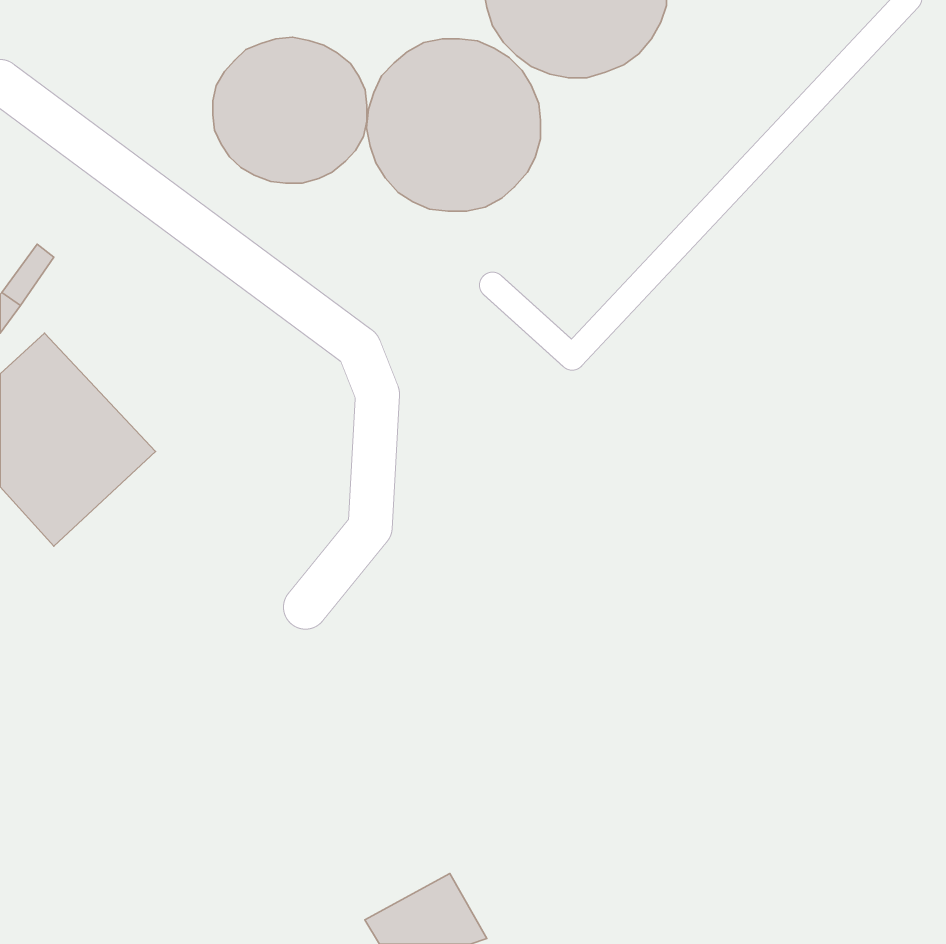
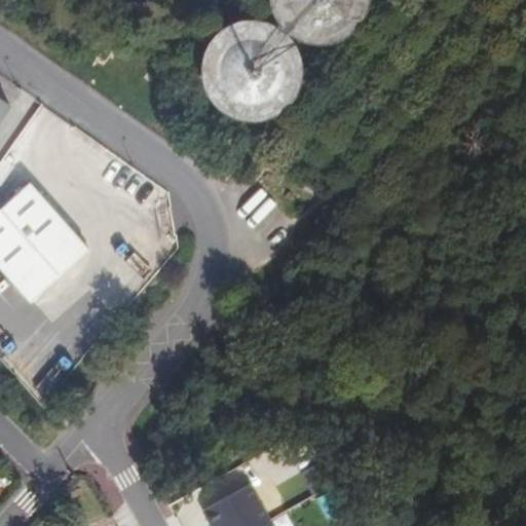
building: [213,37,367,183] -> none

